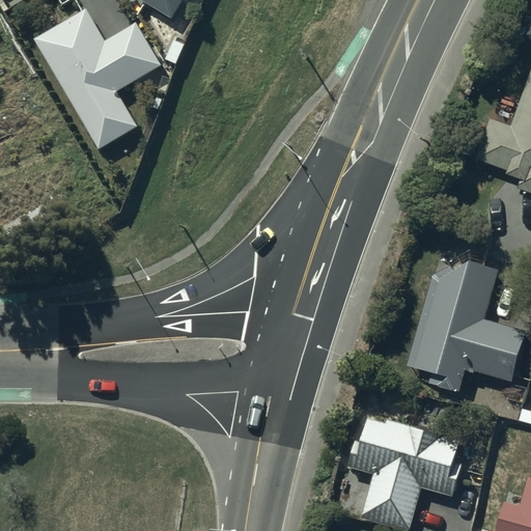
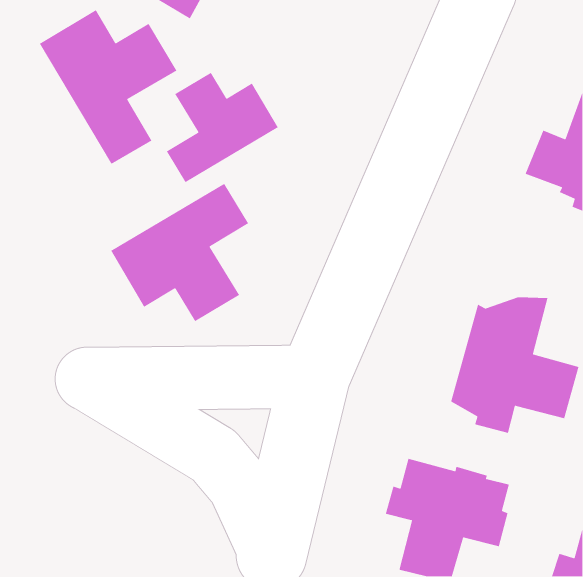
building: none -> [166,72,279,183]
building: none -> [110,183,249,322]

